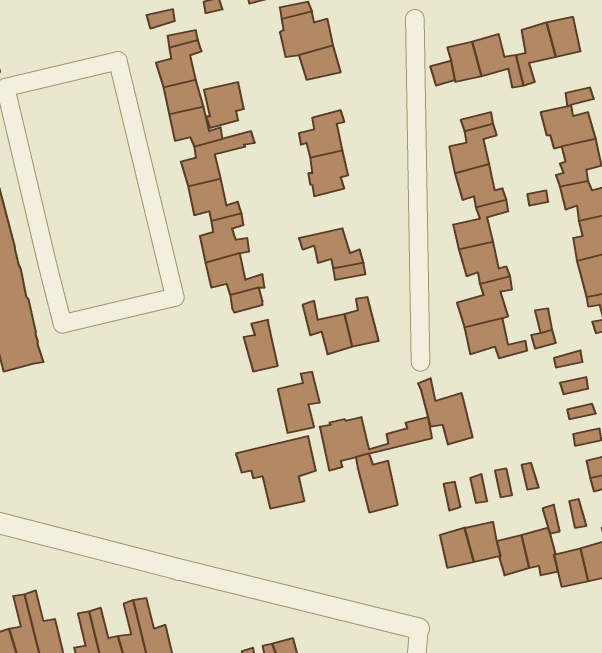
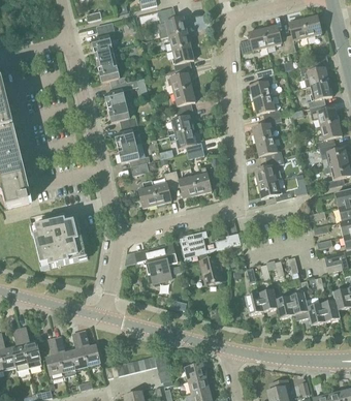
building: [204,82,244,128] -> [172,44,194,69]
building: none -> [167,107,194,134]
building: [278,372,320,433] -> [152,171,174,204]
building: [418,378,472,445] -> none
building: none -> [32,215,87,268]

